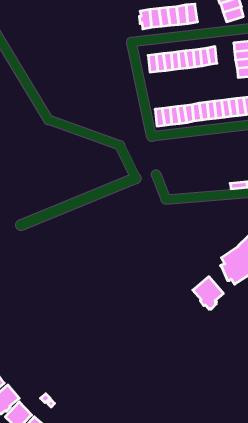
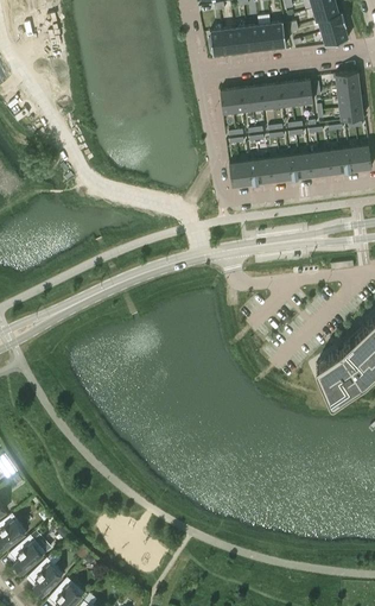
building: [193,277,223,309] -> none

